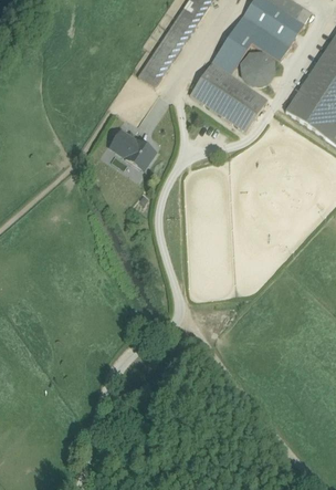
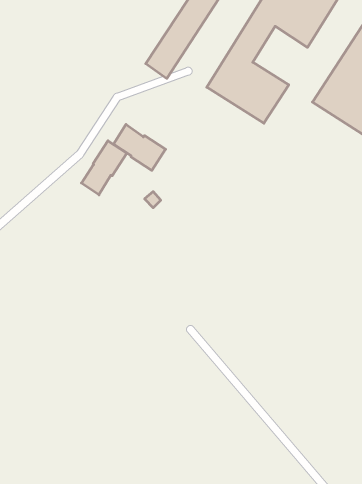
building: [240,51,275,86] -> none
building: none -> [81,141,127,195]

